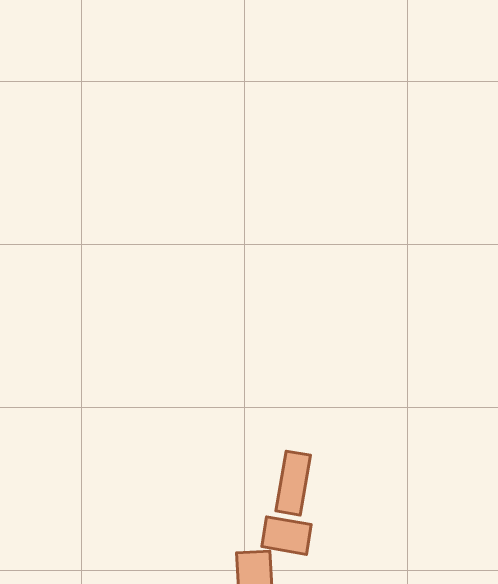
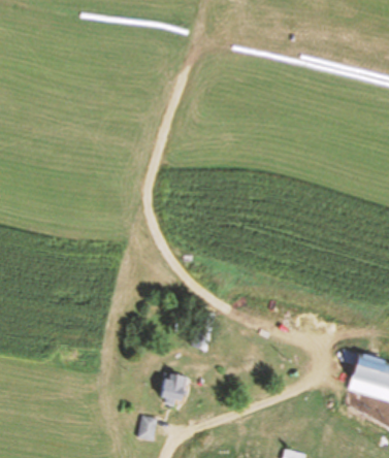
building: [262,517,311,554] -> none

